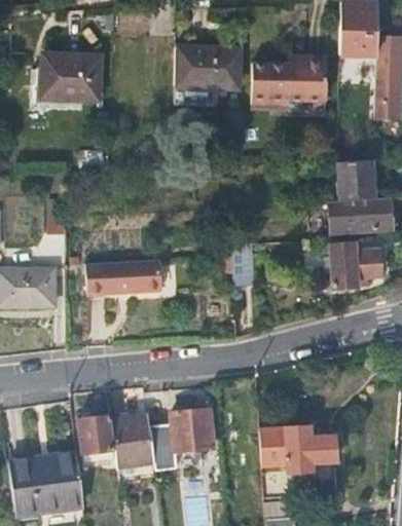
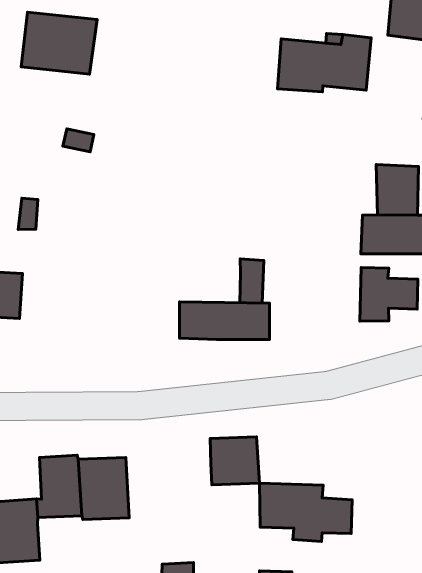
building: [177,44,244,87] -> none
building: [85,261,161,295] -> [179,302,270,340]
building: [172,410,215,452] -> [210,437,259,485]

